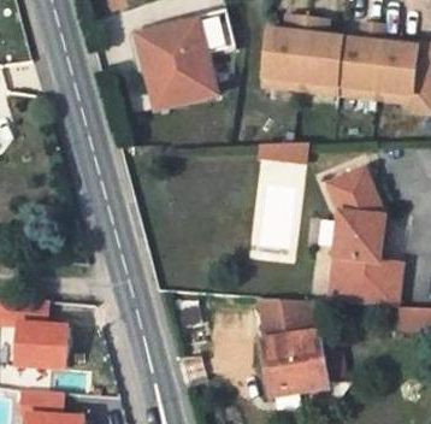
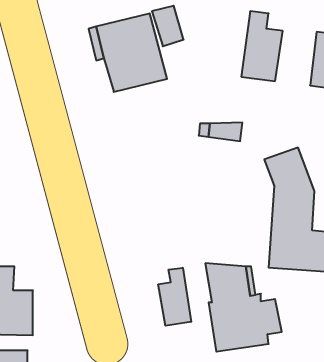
building: [261,13,308,88] -> none
building: [336,22,384,98] -> none
building: none -> [158,268,191,326]

